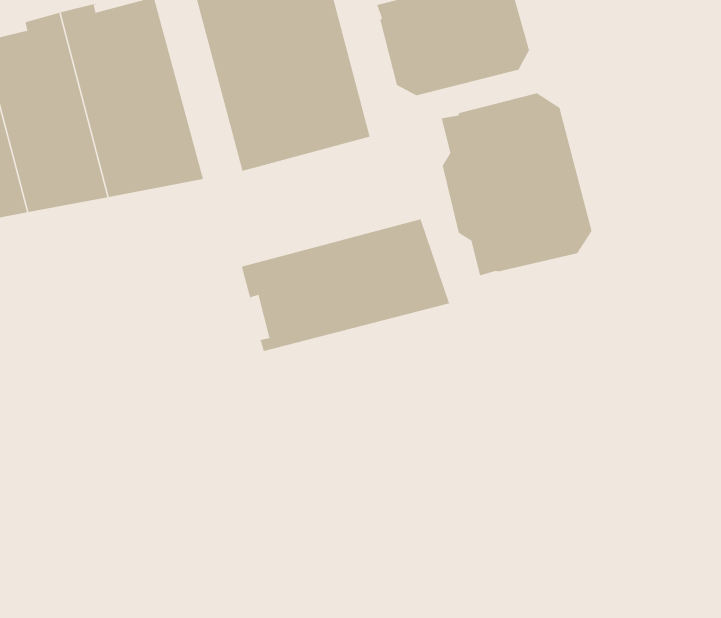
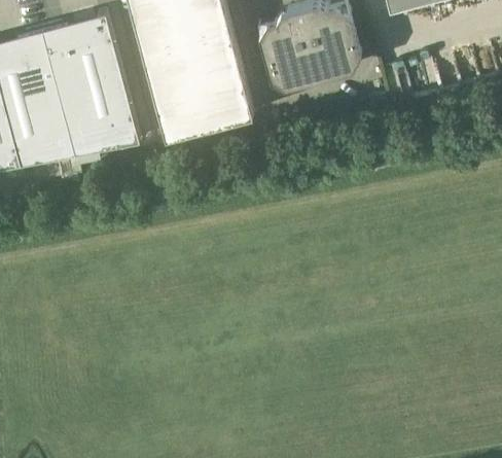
building: [441,92,592,276] -> none
building: [241,219,450,352] -> none

